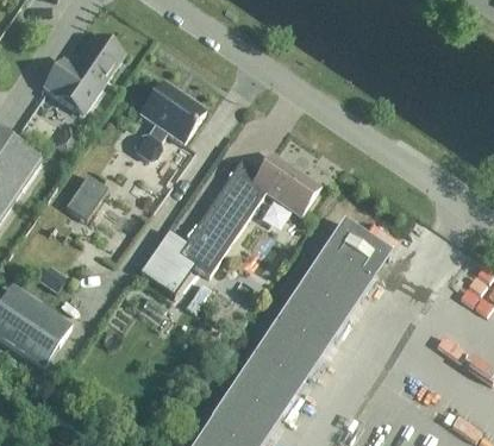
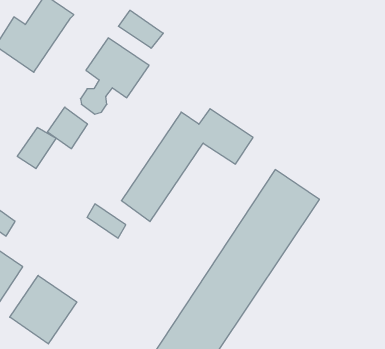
building: none -> [118,10,163,48]
building: none -> [48,107,87,149]
building: none -> [10,275,77,344]

